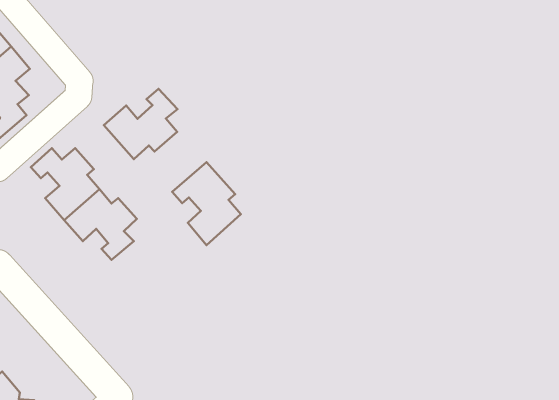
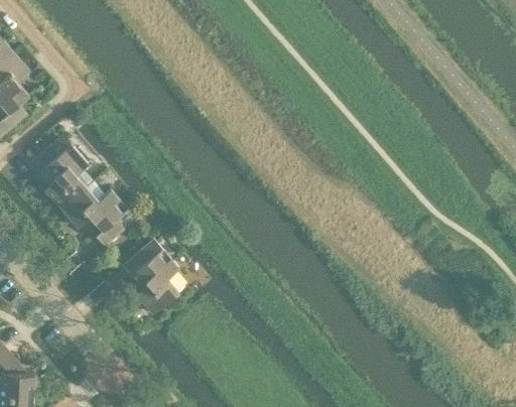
building: [104,89,178,159] -> none
building: [172,162,241,245] -> [120,239,182,314]

